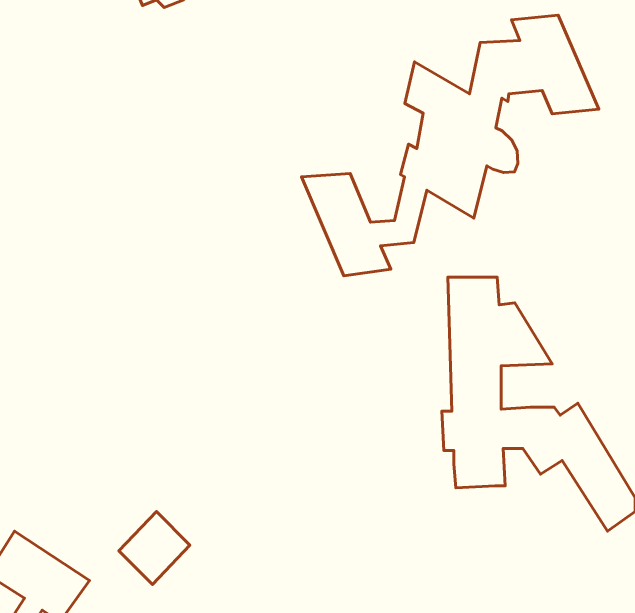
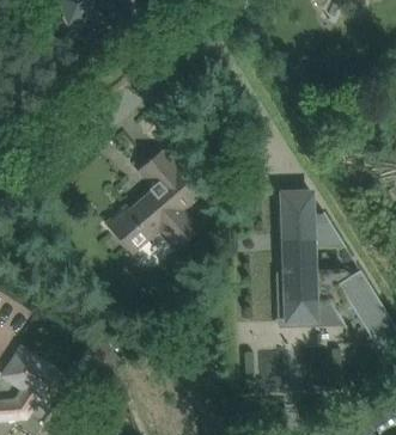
building: [302,15,599,276] -> none
building: none -> [105,149,199,253]

